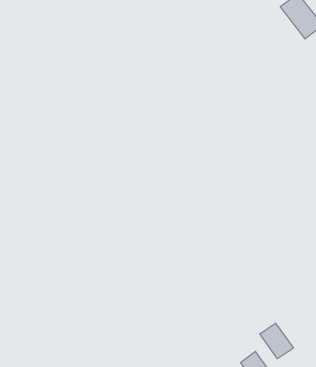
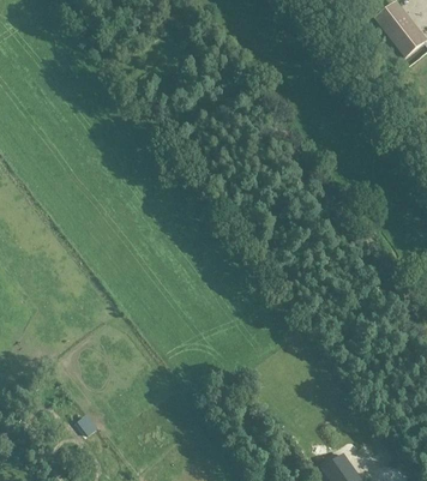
building: [260,323,293,359] -> none

